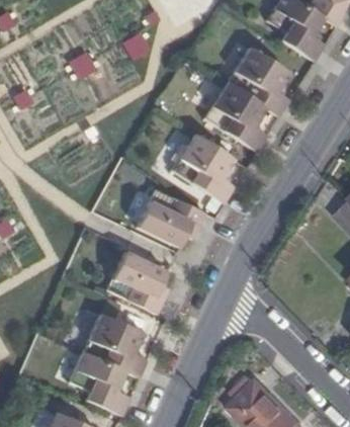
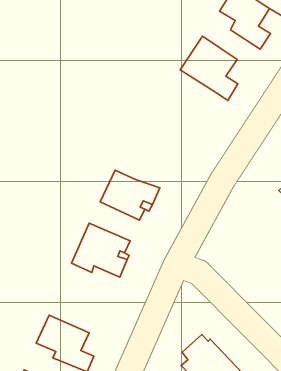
building: [200,83,263,151] -> none
building: [168,135,231,202] -> none
building: [80,314,144,375] -> none

